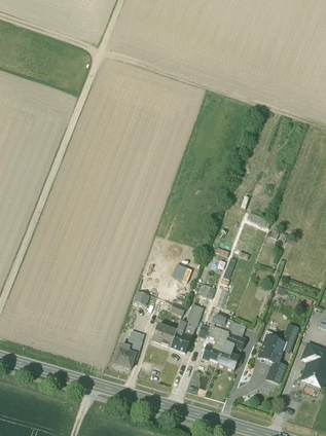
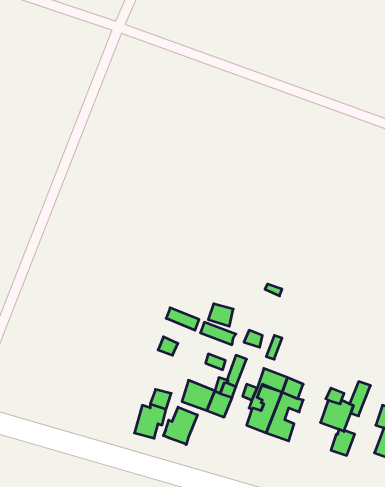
building: none -> [163,407,197,445]

